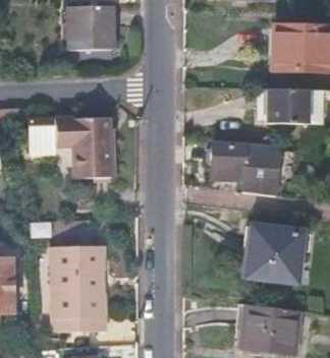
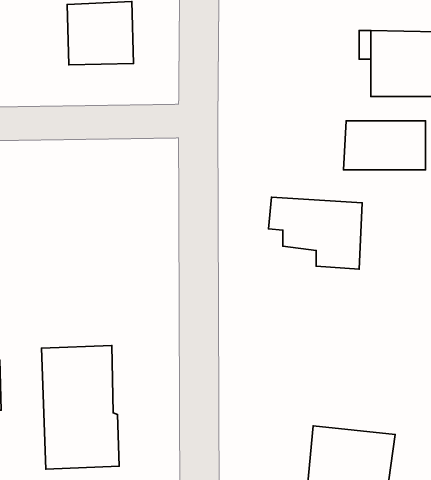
building: [28,119,113,178] -> none
building: [244,224,302,282] -> none

